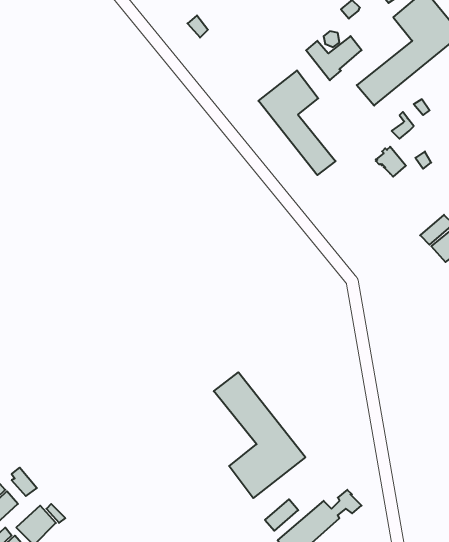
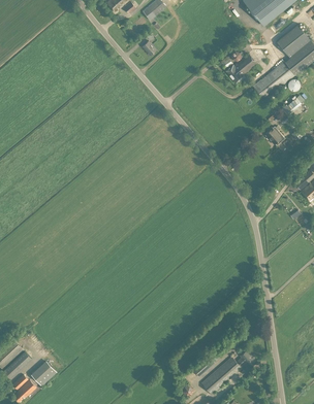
building: [258,70,336,175] -> none
building: [214,372,305,498] -> none

